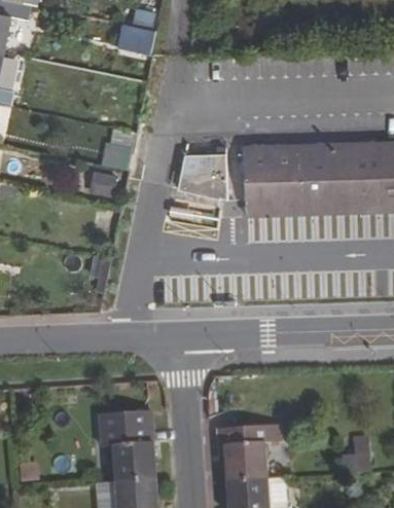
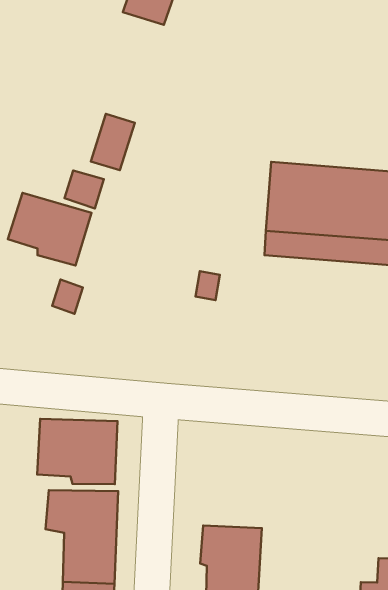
building: [177,148,226,198] -> none
building: none -> [8,193,91,265]
building: none -> [37,419,117,484]

